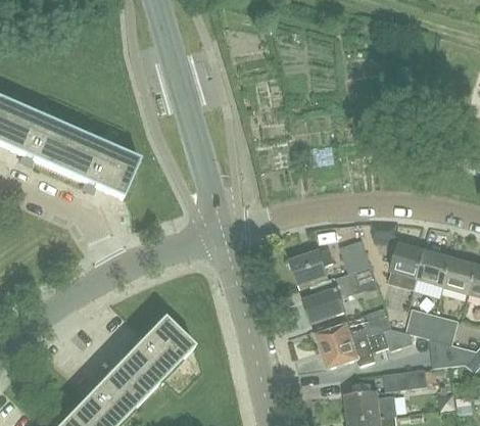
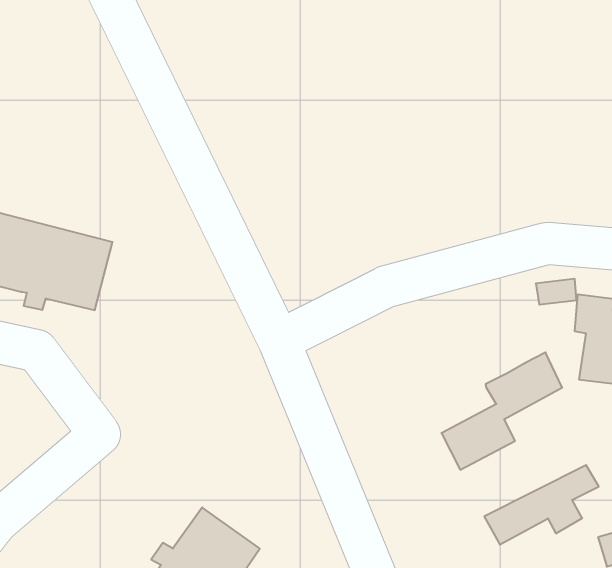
building: [339,240,371,273] -> none
building: [290,247,334,286] -> none
building: [316,314,391,351] -> none

